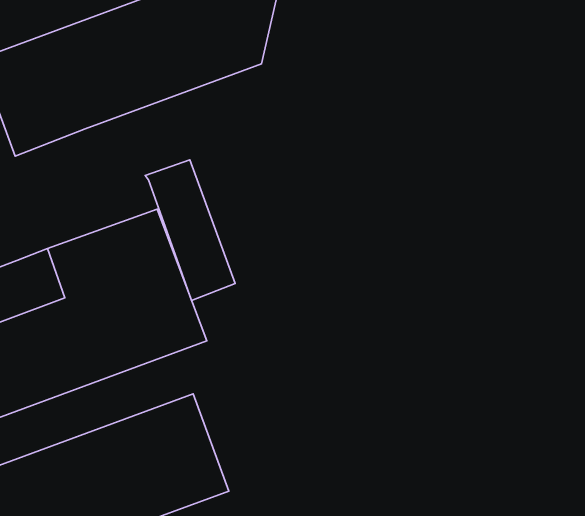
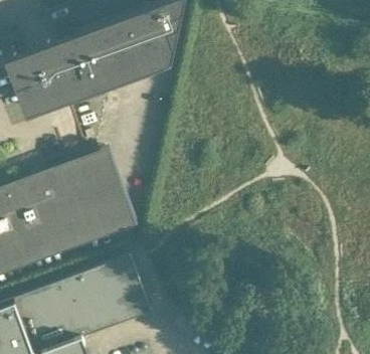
building: [145,160,235,301] -> none

